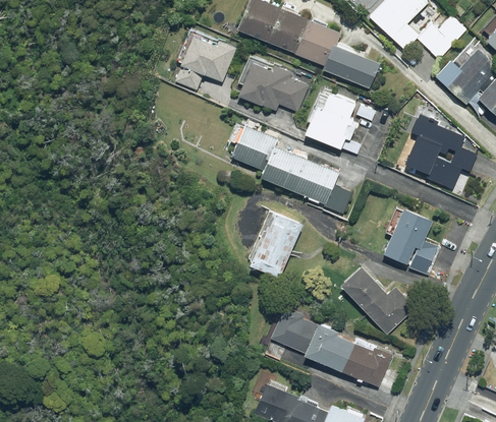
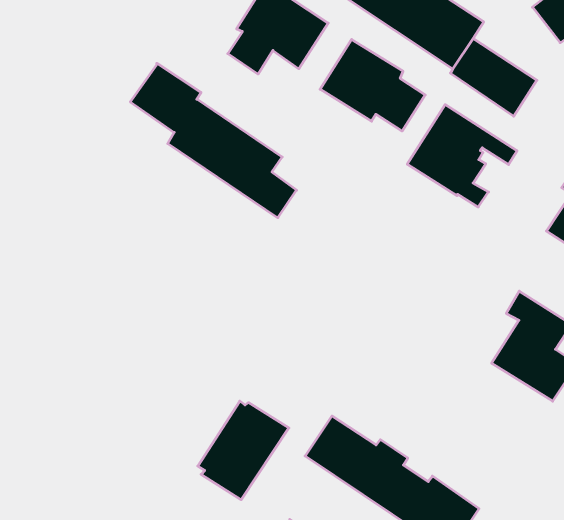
building: [232,126,352,215] -> [130,63,297,218]
building: [247,212,304,277] -> [198,401,289,500]
building: [340,266,415,335] -> none

